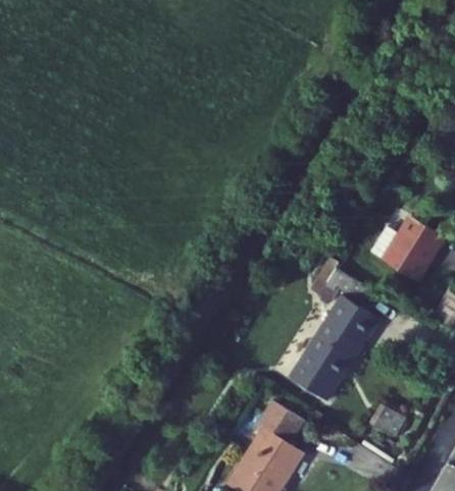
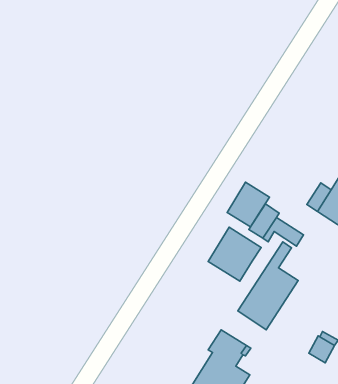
building: none -> [227,182,269,227]
building: none -> [208,227,261,281]
building: [339,302,377,340] -> none

